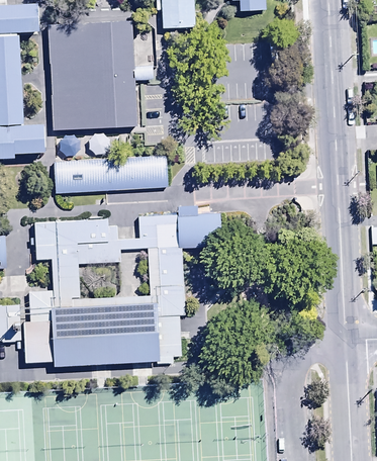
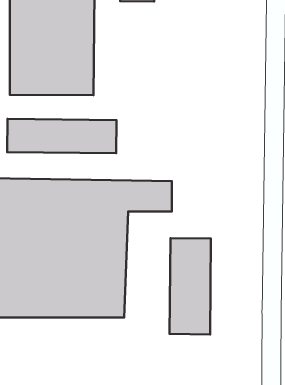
building: none -> [170,238,211,334]

